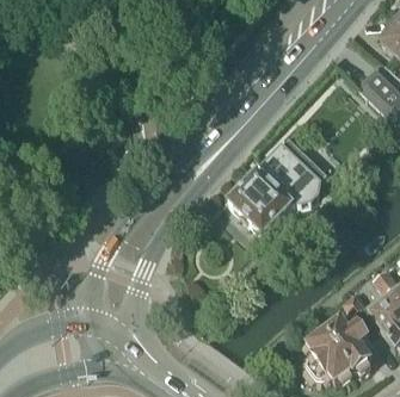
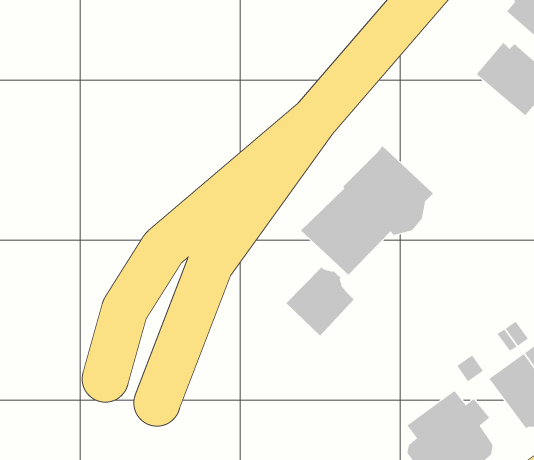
building: none -> [285,267,355,337]

